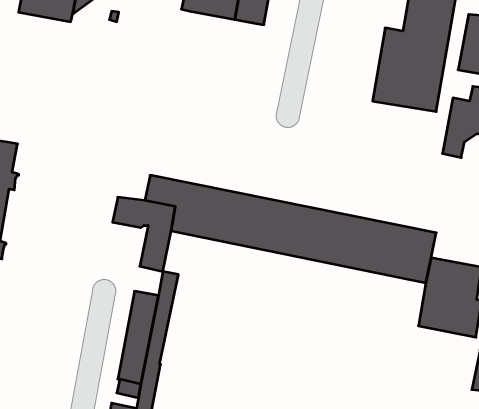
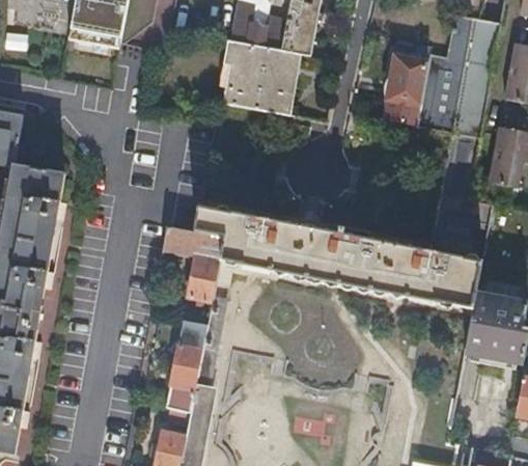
building: none -> [226,40,299,112]
building: none -> [387,54,427,124]

